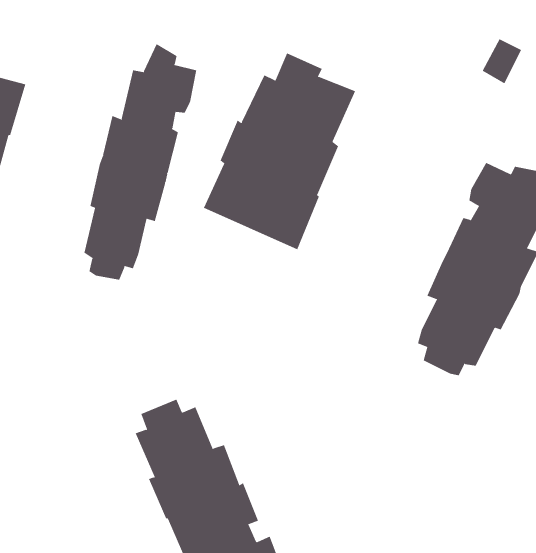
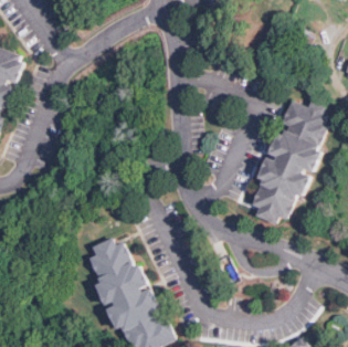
building: [84,43,197,281] -> none
building: [203,52,356,250] -> none

